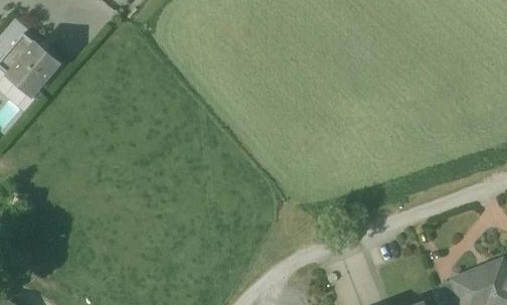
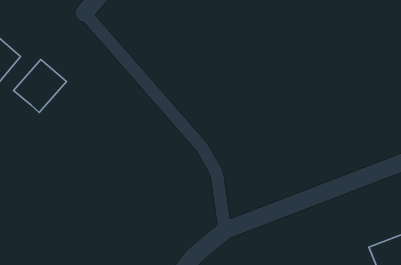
building: none -> [14,59,66,113]

